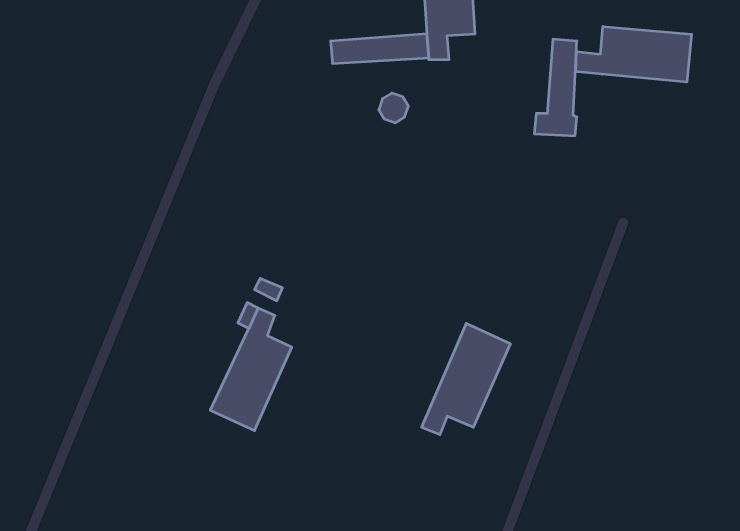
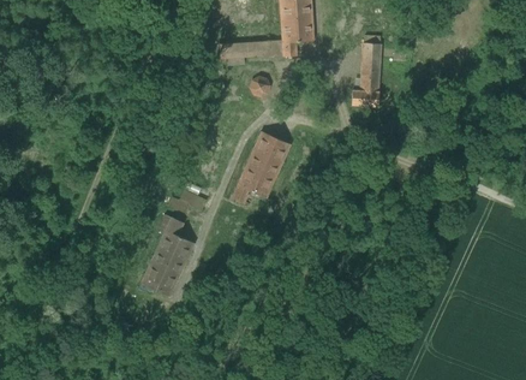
building: [576,26,692,82] -> none
building: [422,323,510,435] -> [233,130,291,202]

